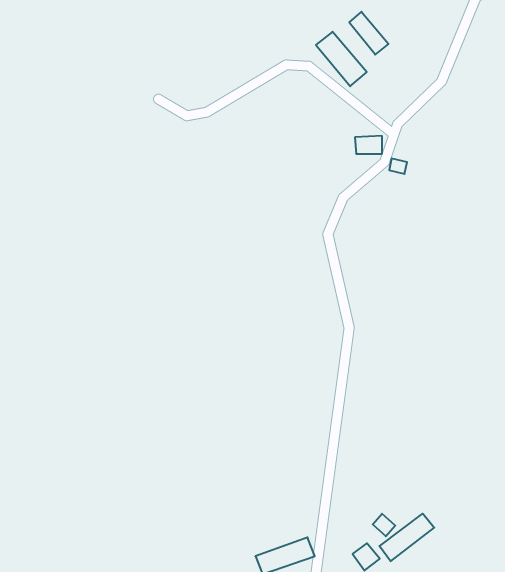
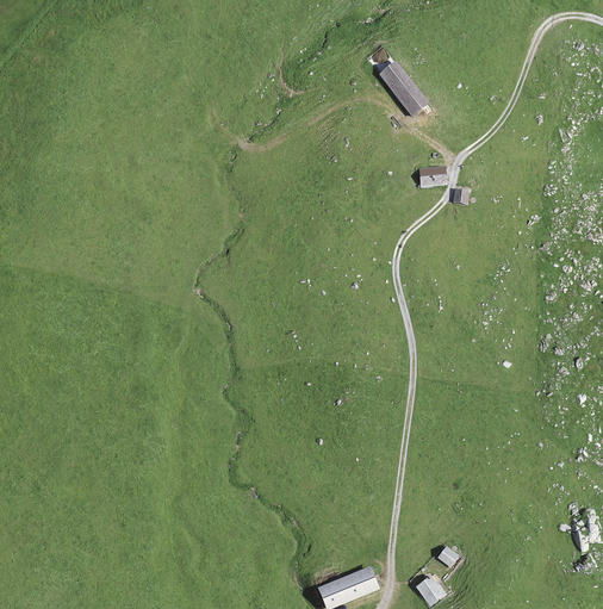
building: [349,12,388,55] -> none
building: [379,514,434,561] -> none

